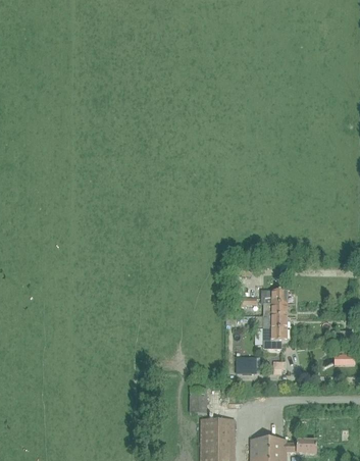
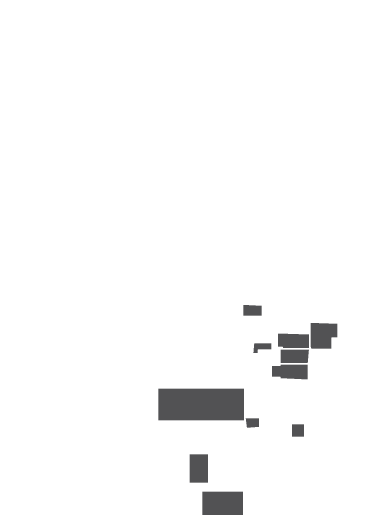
building: [264,326,288,349] -> [310,322,338,349]
building: none -> [158,388,245,421]

